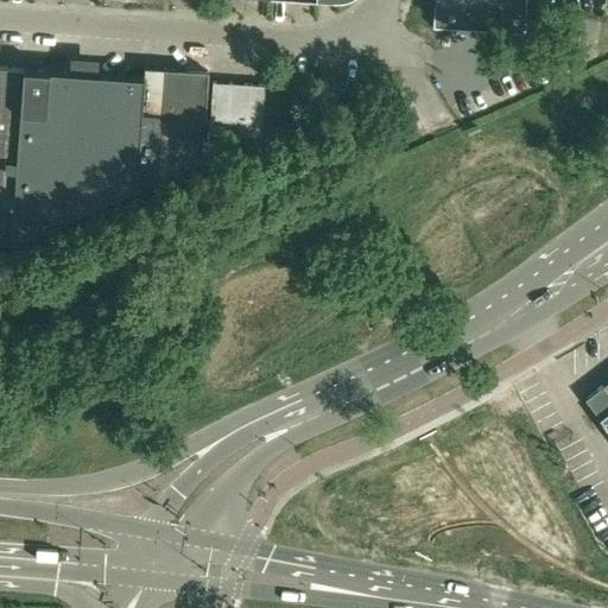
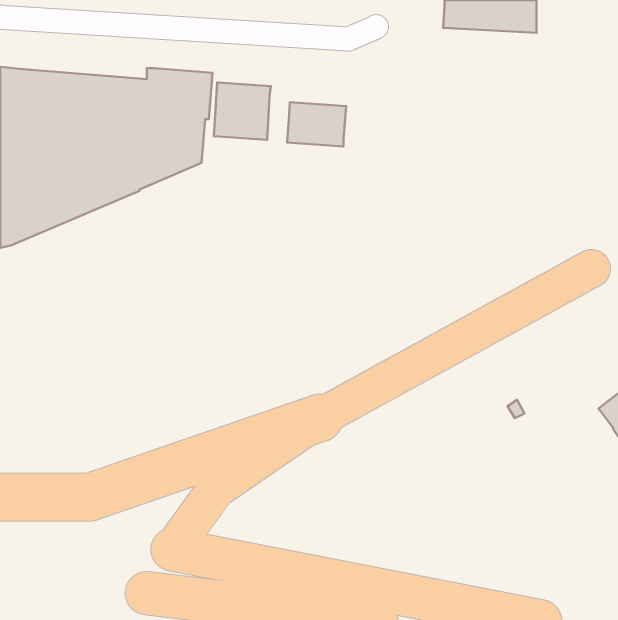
building: none -> [287,102,346,146]

